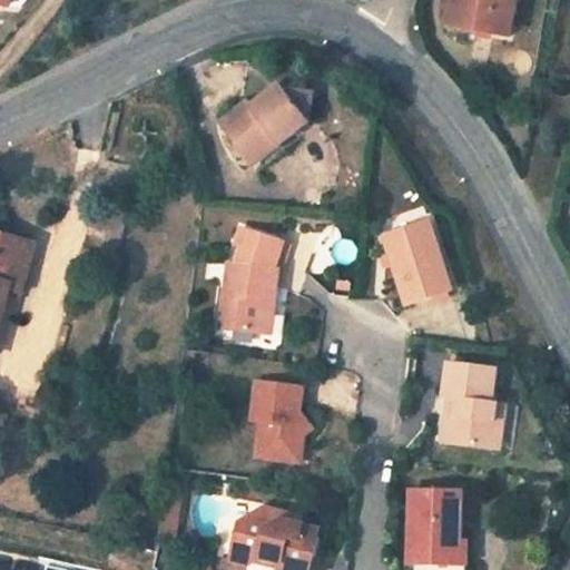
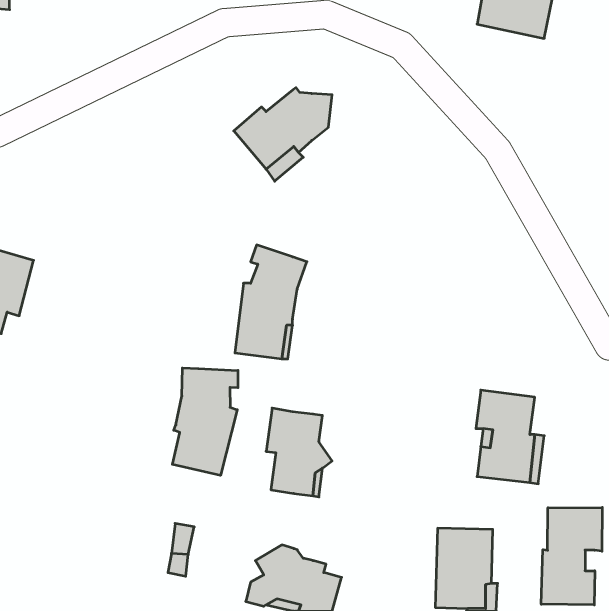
building: [382,222,449,305] -> none
building: none -> [172,368,238,475]
building: none -> [541,507,602,605]

